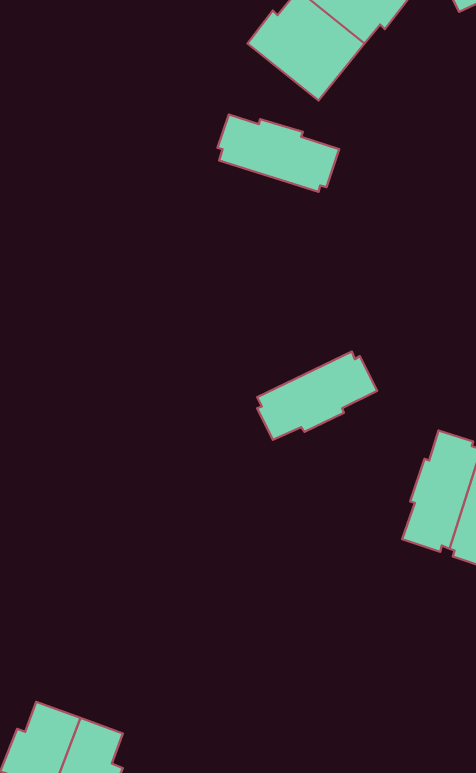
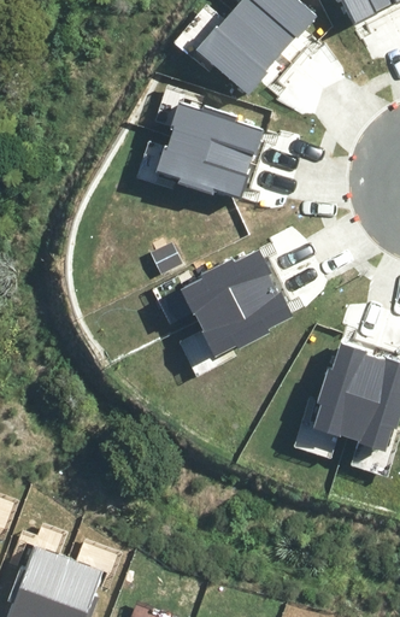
building: none -> [158,139,251,198]
building: none -> [183,251,276,319]

